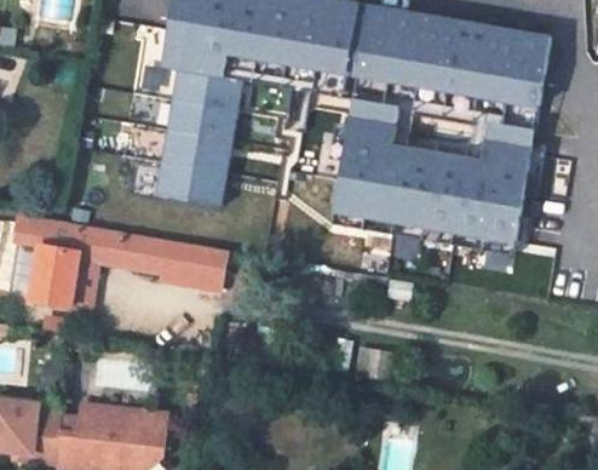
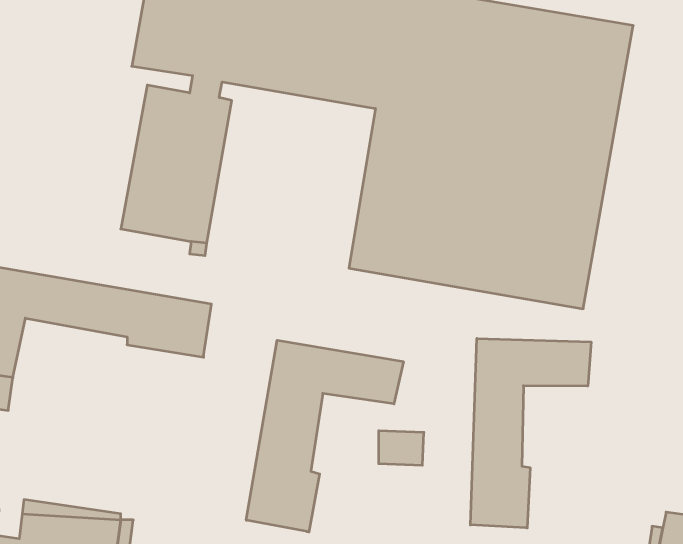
building: none -> [470,338,591,528]
building: none -> [246,340,403,532]

